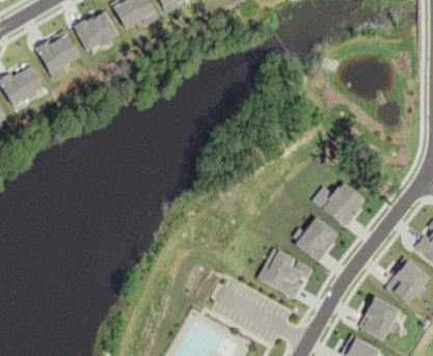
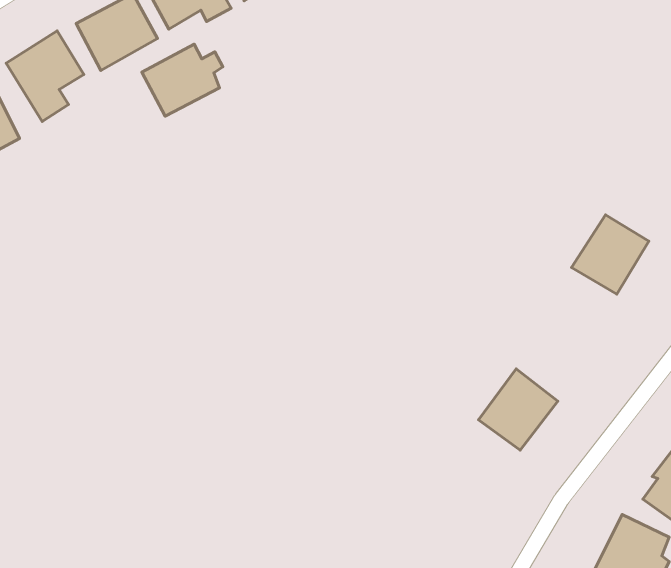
building: none -> [142,44,223,116]
building: [322,182,364,225] -> [571,215,649,294]
building: [258,248,314,297] -> none

